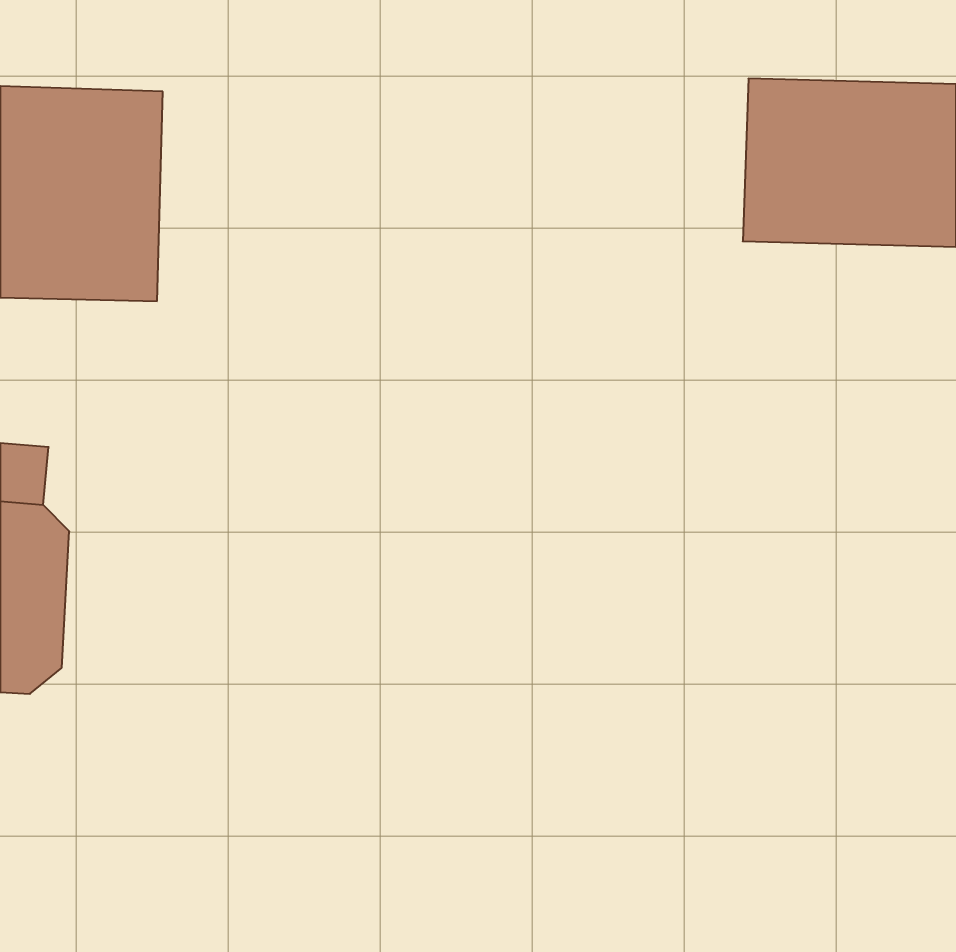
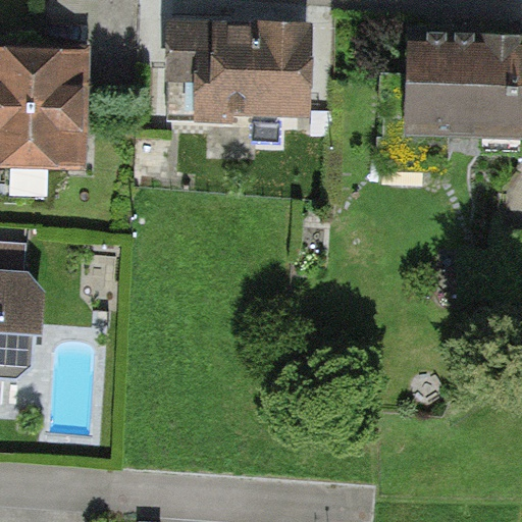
building: none -> [172,20,311,117]

